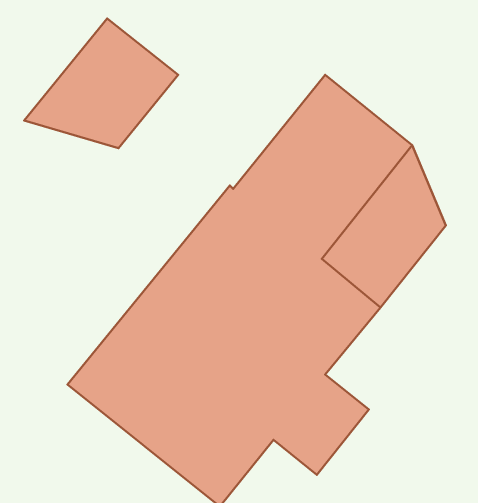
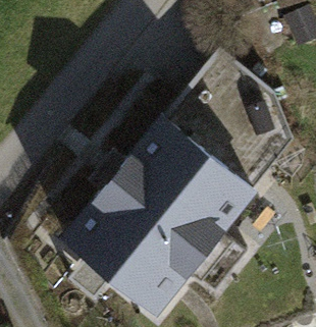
building: [24,19,178,148] -> none

